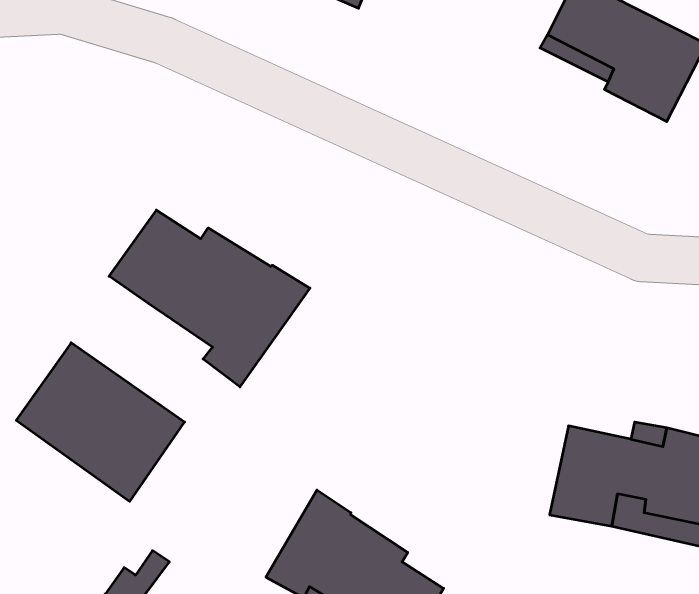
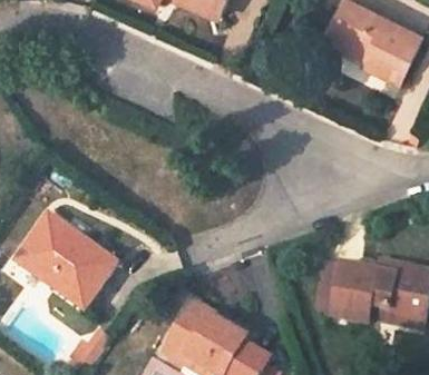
building: [109,210,310,387] -> none

